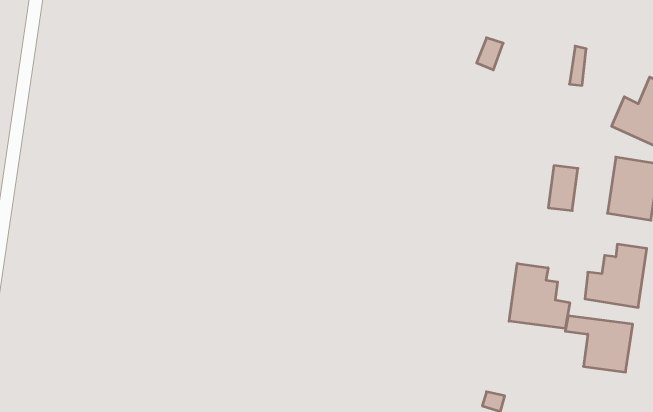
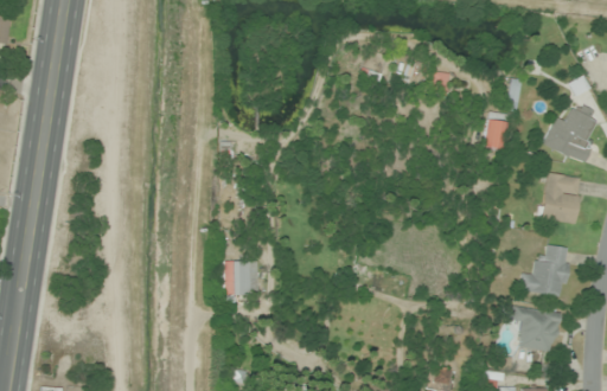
building: [548,166,578,211] -> [485,111,510,149]
building: none -> [222,259,250,295]
building: [509,263,570,328] -> none

